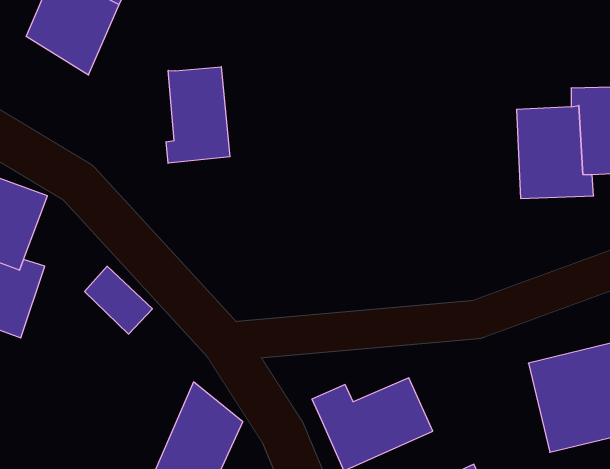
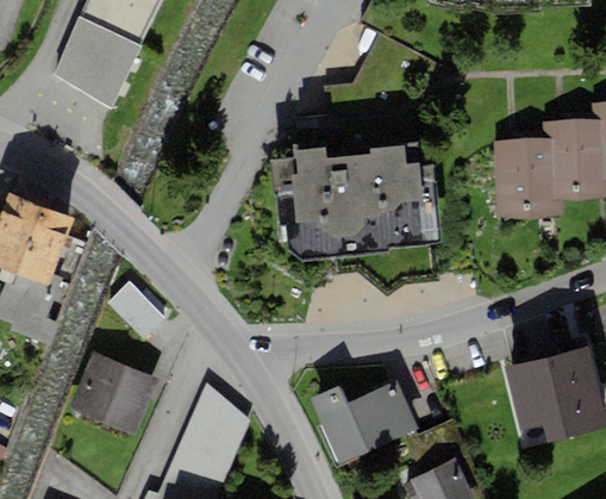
building: [166,67,230,163] -> none
building: none -> [271,141,441,260]
building: none -> [70,351,160,433]

